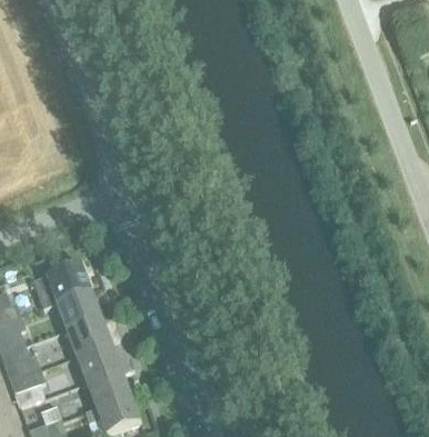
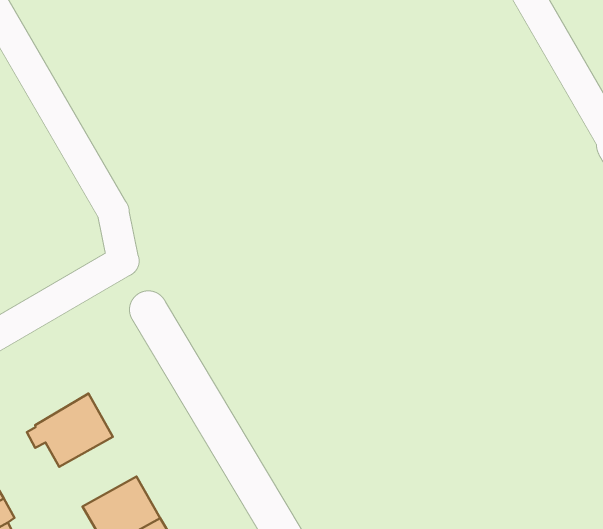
building: [56,291,100,329] -> none

